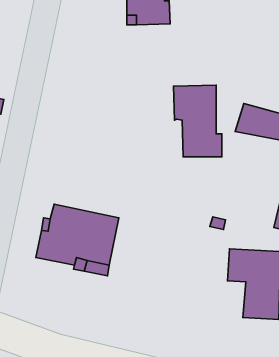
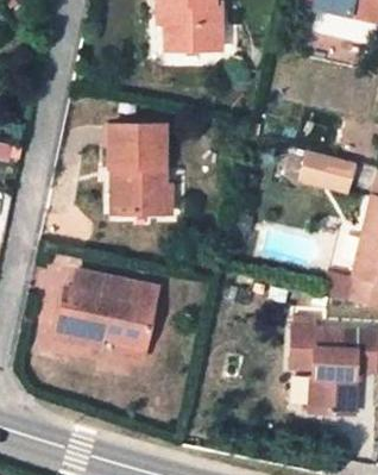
building: [174,85,222,157] -> [108,124,168,212]

